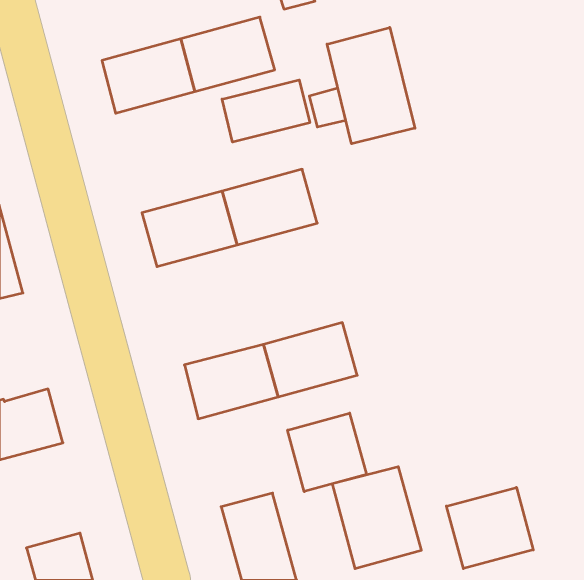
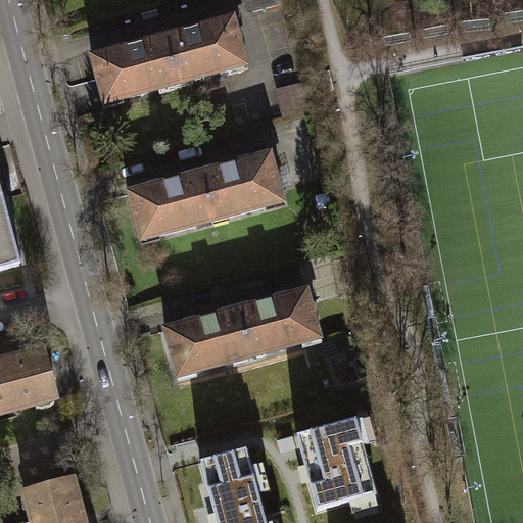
building: [327,27,415,144] -> none
building: [222,80,310,142] -> none
building: [288,413,366,492] -> none
building: [446,487,533,569] -> none

